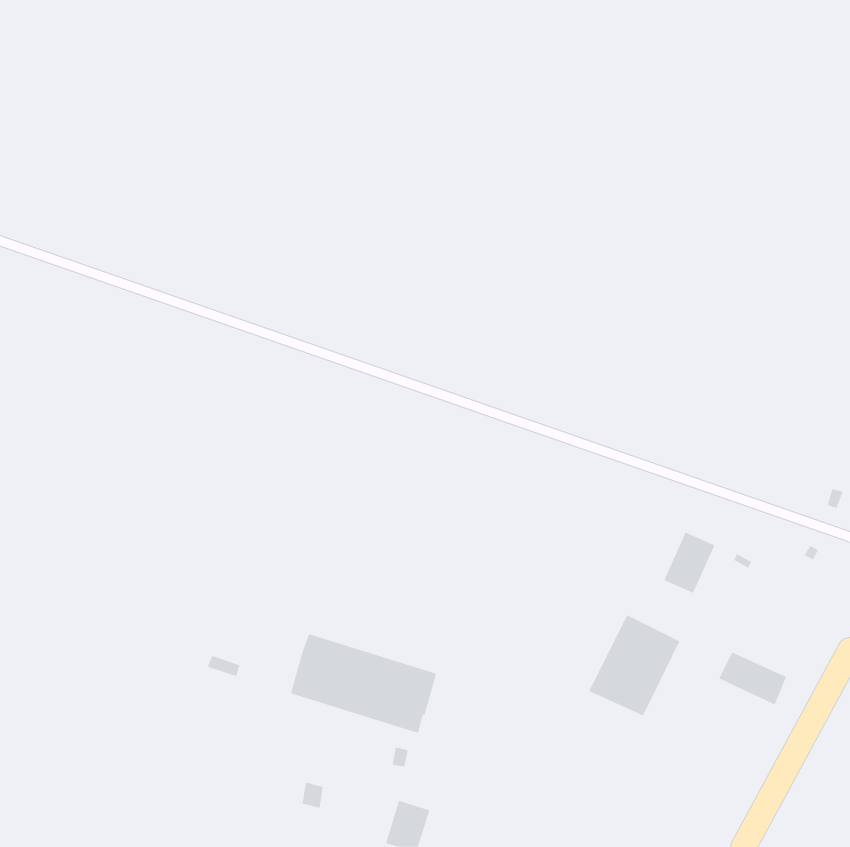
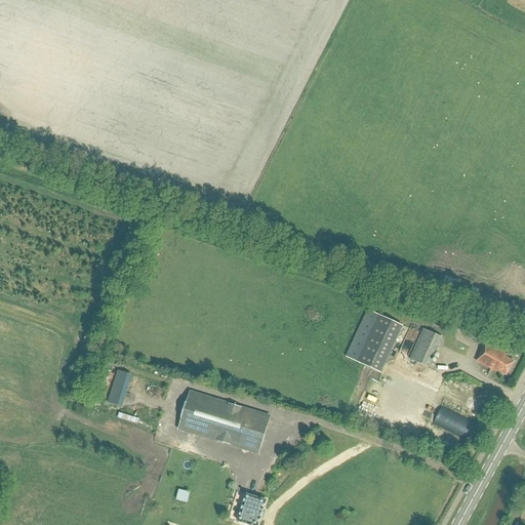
building: none -> [475,341,513,374]
building: none -> [107,368,132,405]
building: [588,614,680,716] -> [345,308,401,370]

